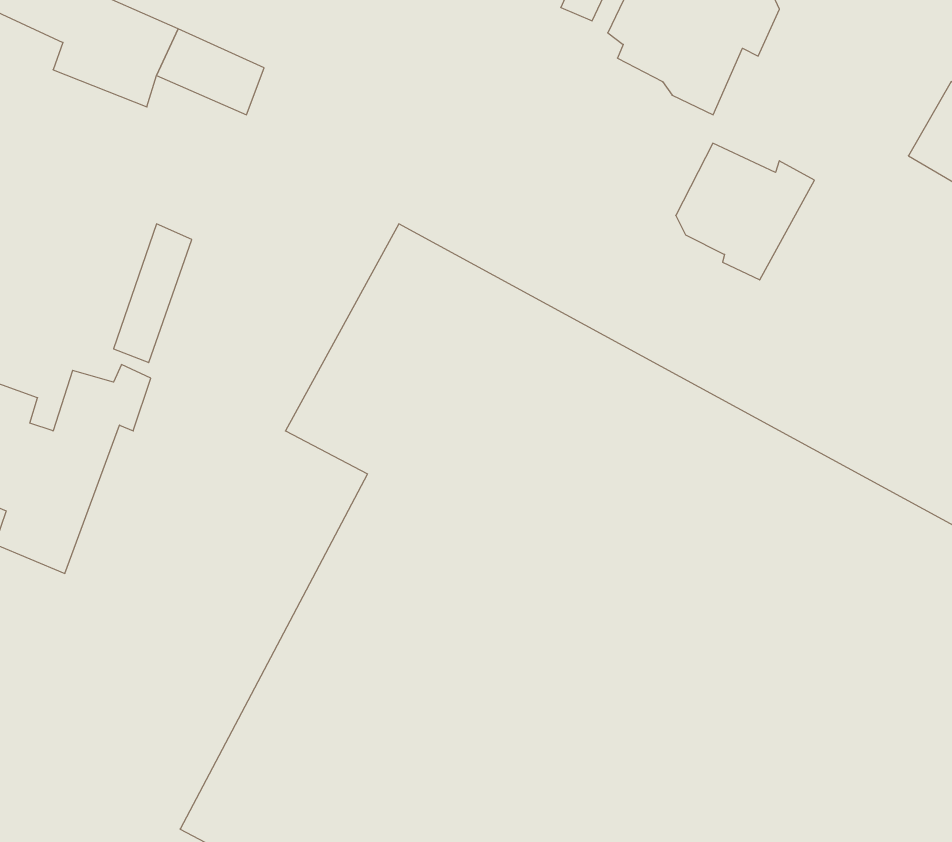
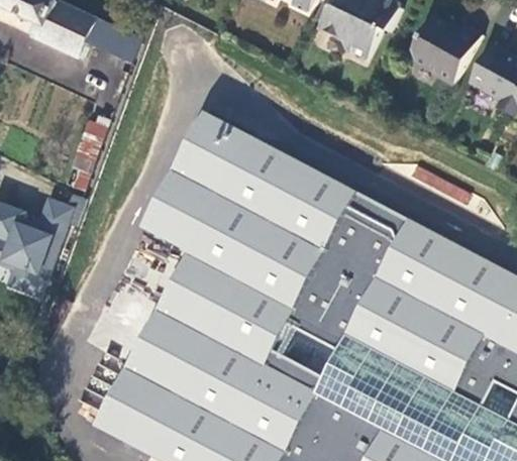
building: [676,143,814,280] -> [412,14,484,85]

